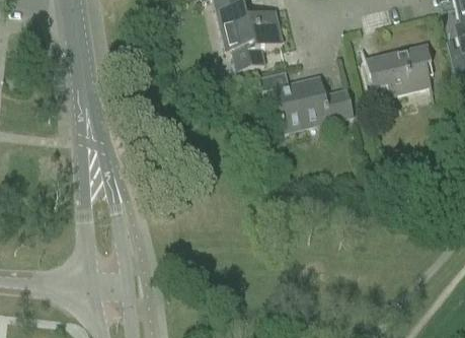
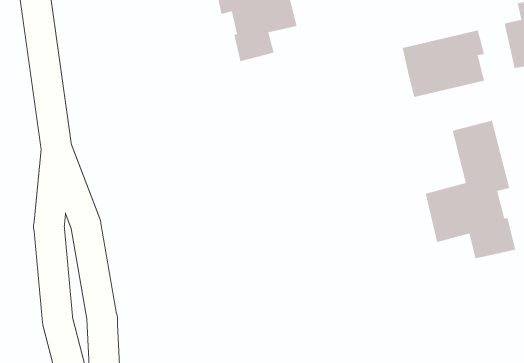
building: [275,75,354,131] -> none
building: none -> [425,120,516,259]

